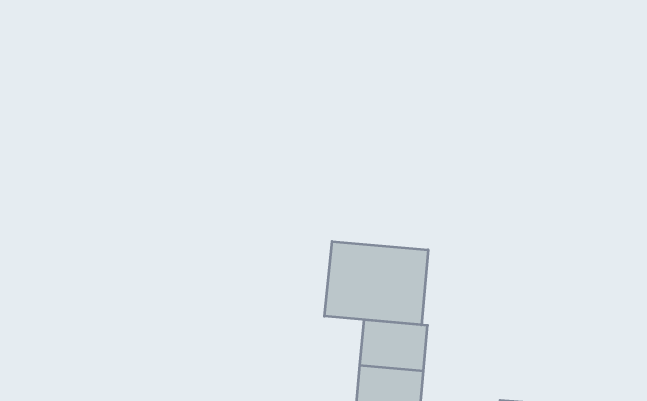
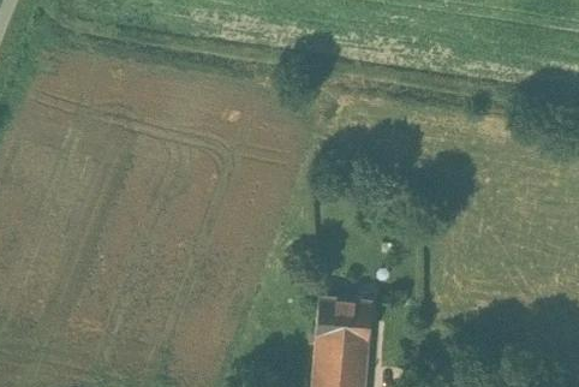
building: [324,241,428,325] -> none

